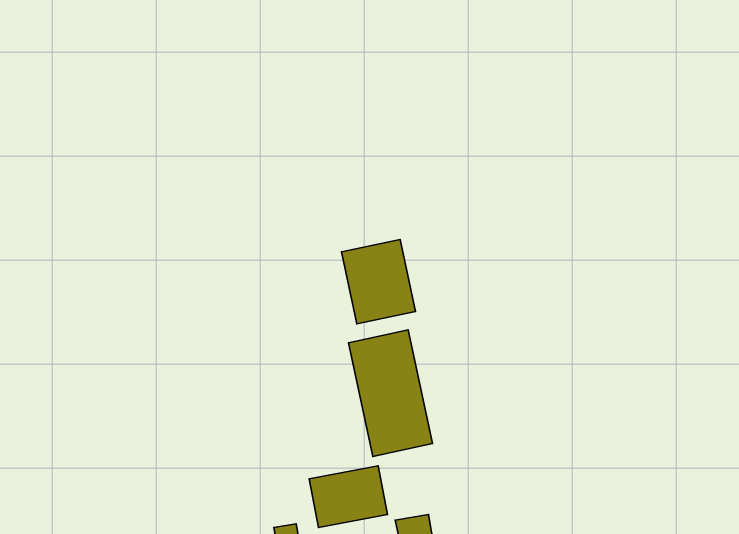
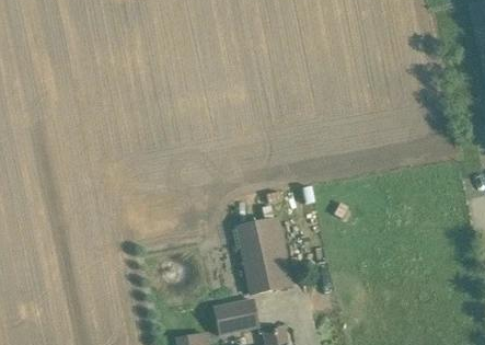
building: [342,240,416,324] -> none

